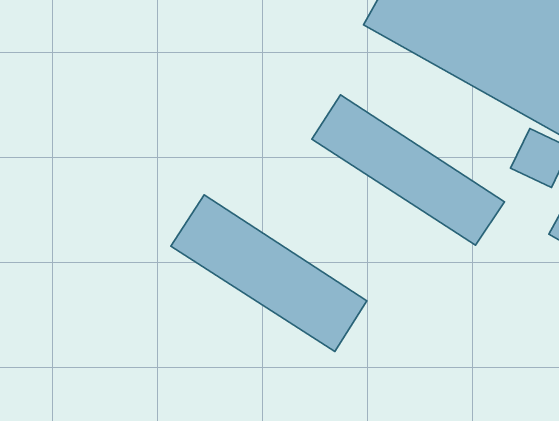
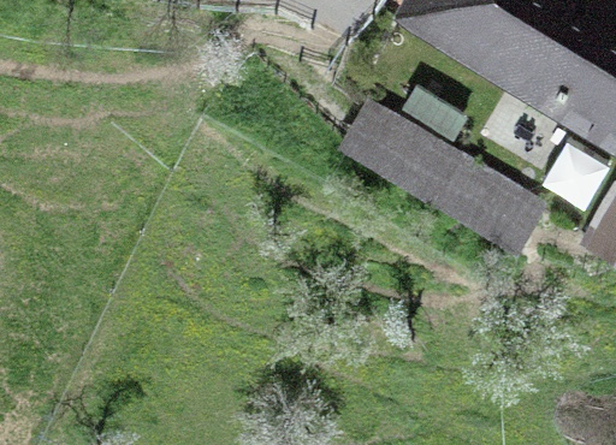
building: [171,195,367,351] -> none

